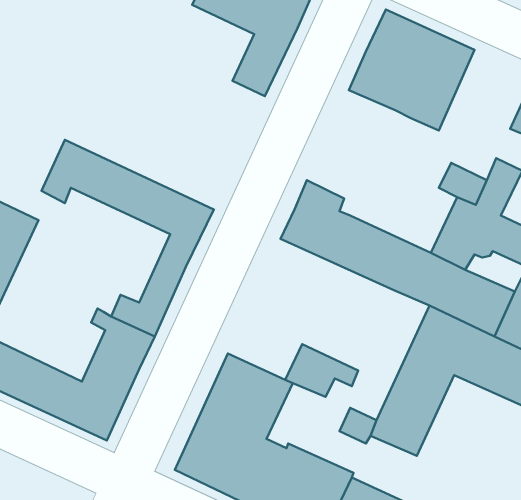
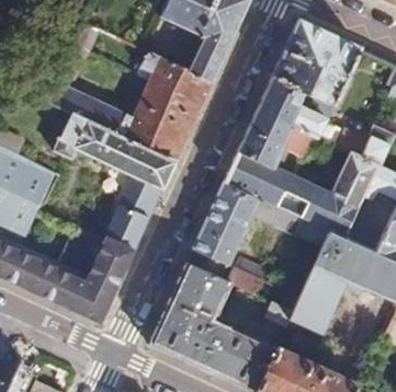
building: none -> [47,42,213,160]
building: none -> [242,76,336,164]
building: none -> [193,181,304,264]

